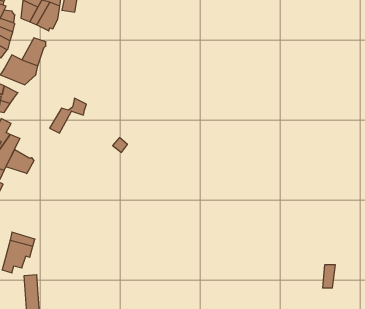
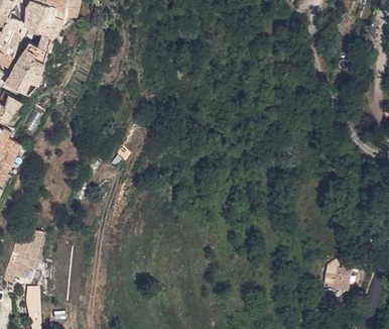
building: [50,98,86,133] -> [14,31,51,67]
building: [6,149,34,174] -> none

